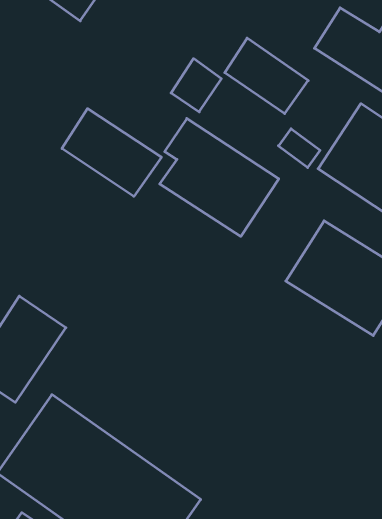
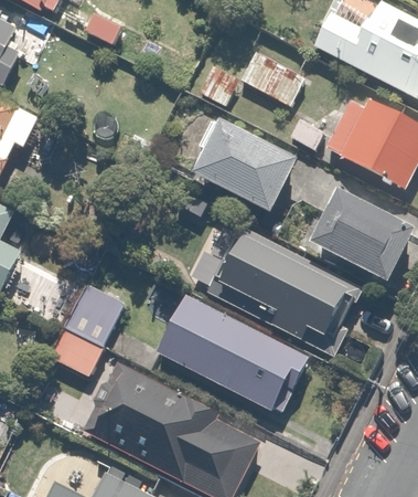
building: [62,109,161,196] -> none
building: none -> [210,228,355,347]
building: none -> [152,285,308,414]

